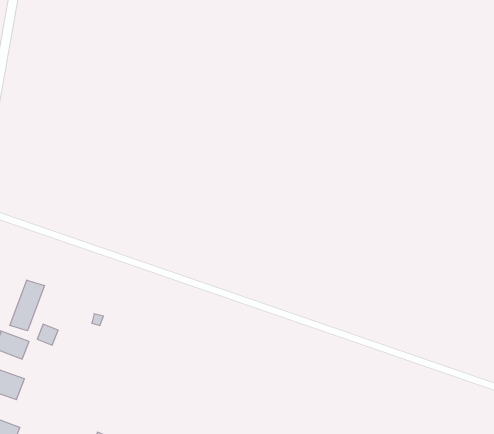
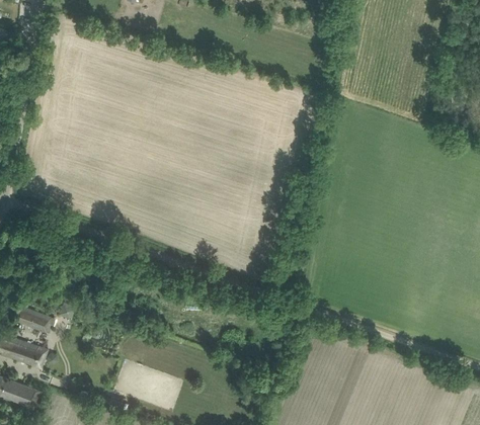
building: [10,280,44,331] -> none

